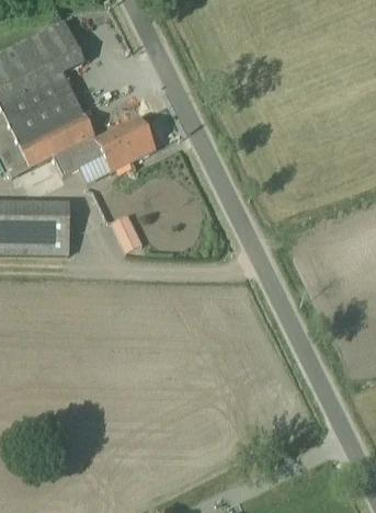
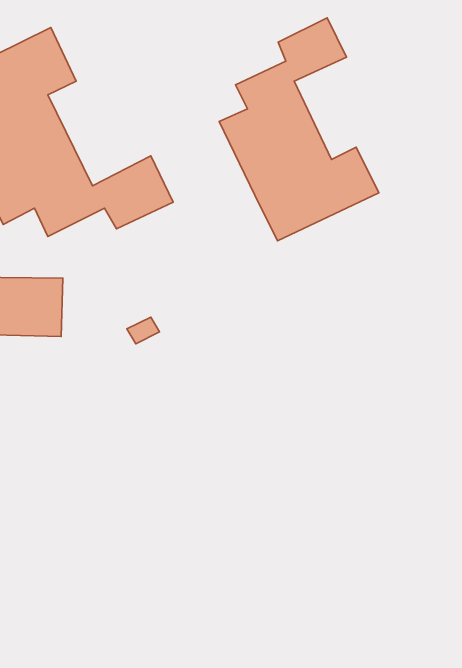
building: none -> [219,18,379,241]

